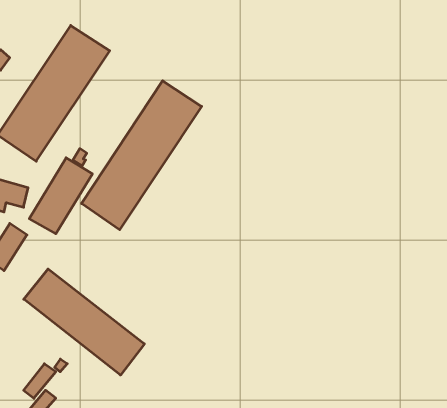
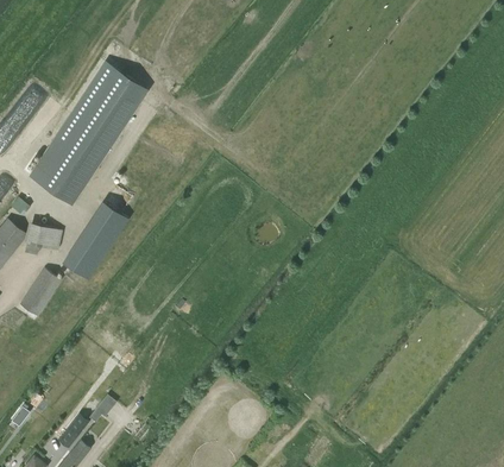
building: [82,81,202,230] -> none
building: [24,269,144,375] -> none

